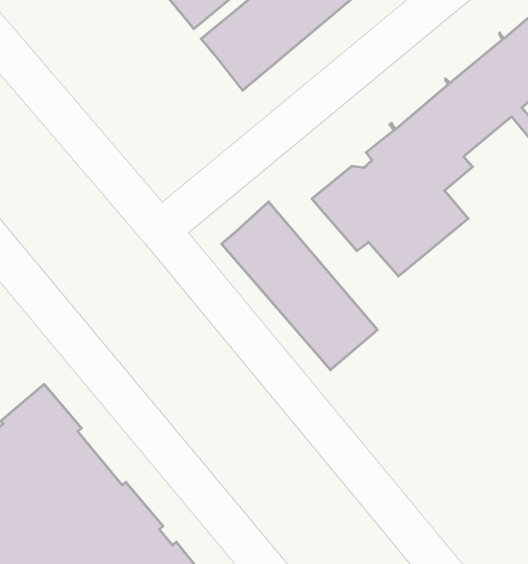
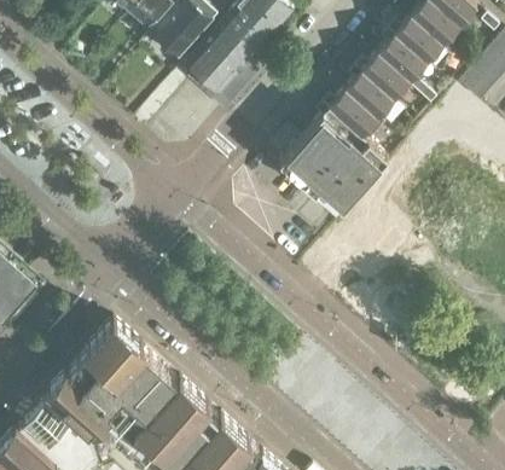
building: [222,202,377,370] -> none

